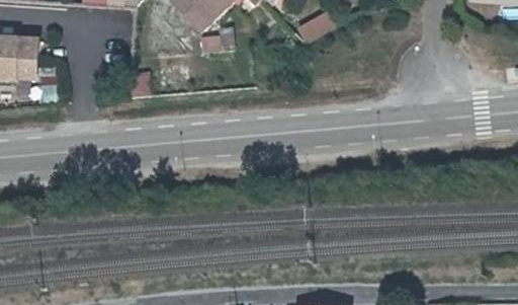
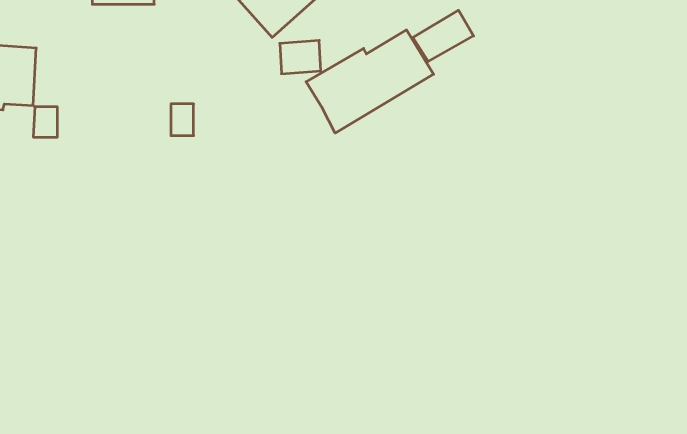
building: none -> [306,30,434,133]

